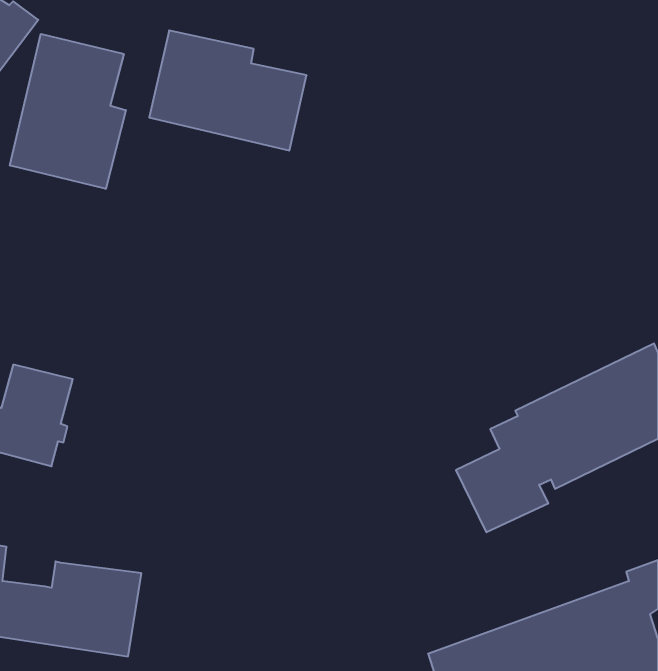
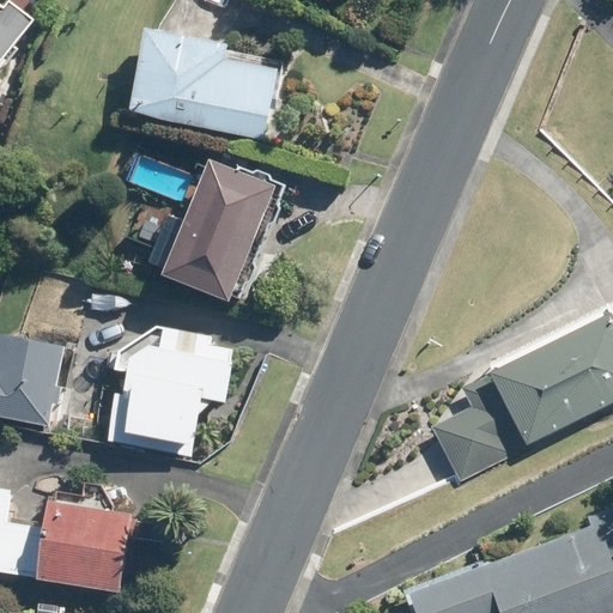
building: [10,34,126,189] -> none
building: none -> [147,164,283,301]
building: none -> [110,346,233,459]

